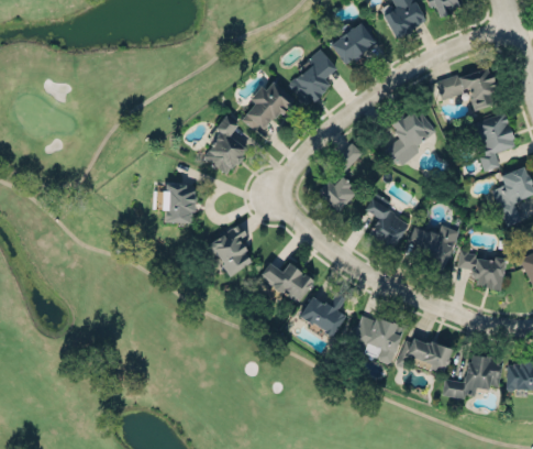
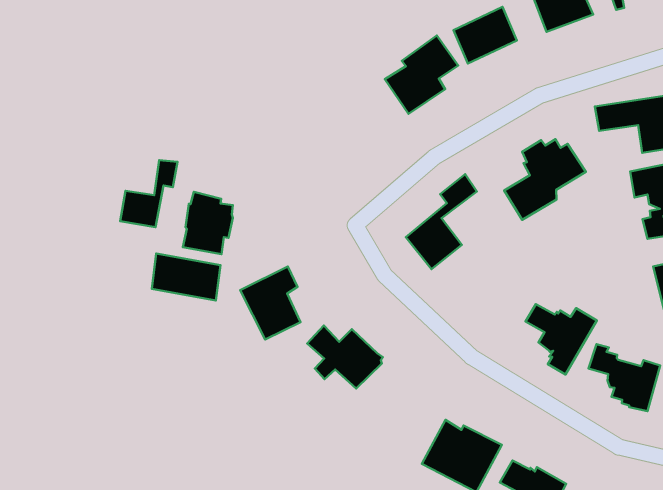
building: [242,79,293,130] -> none
building: [203,114,246,174] -> none
building: none -> [120,160,177,227]
building: [365,191,408,248] -> none
building: none -> [152,254,220,300]
building: [298,292,345,337] -> none

